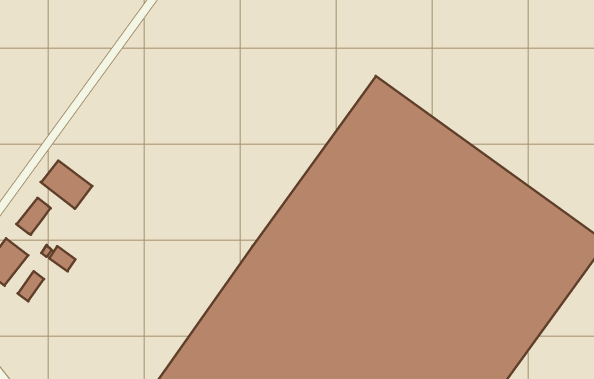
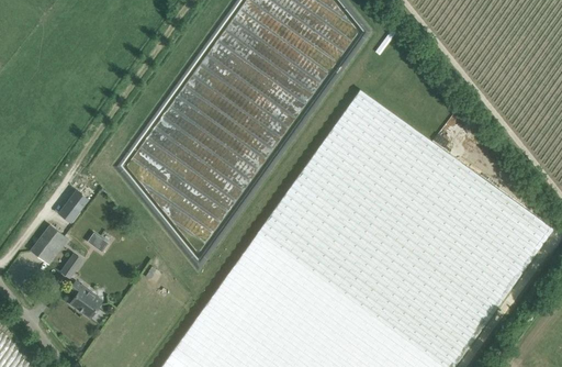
building: [41,161,92,209] -> none
building: none -> [69,282,102,319]

